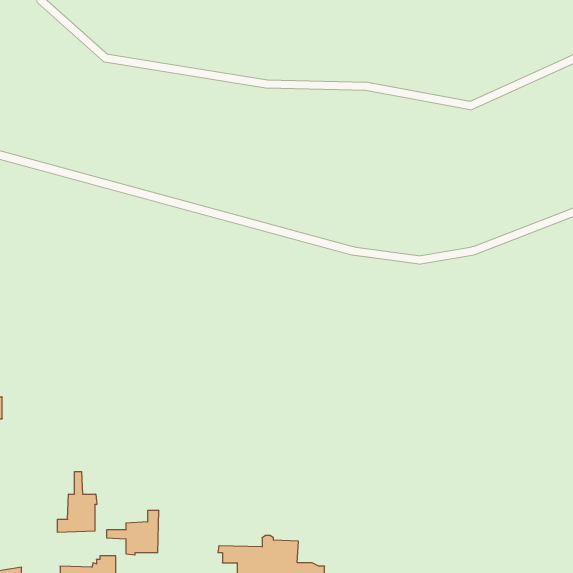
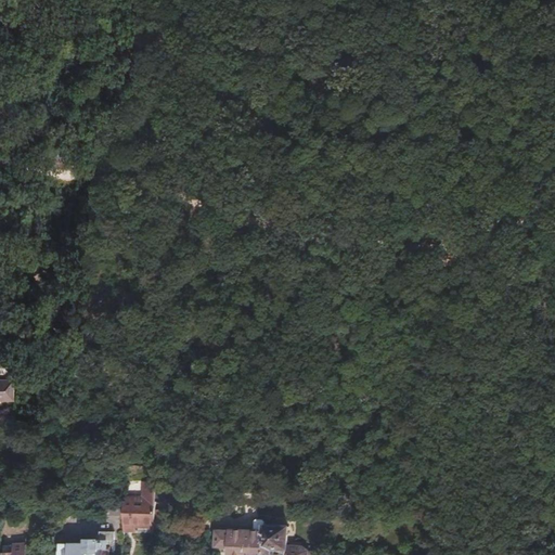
building: [58,472,97,532] -> none

